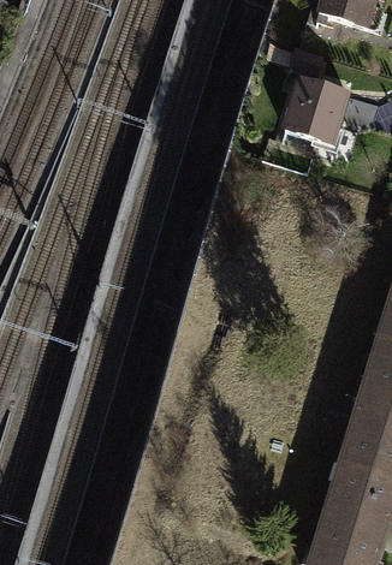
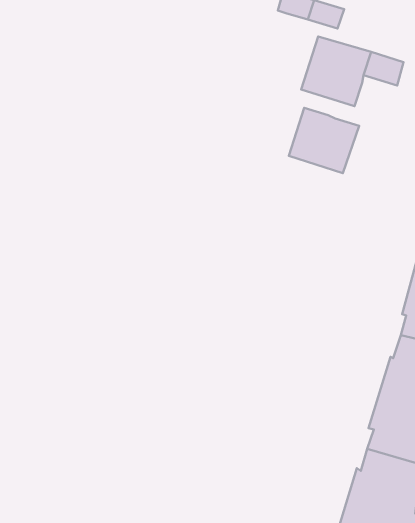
building: none -> [289,108,359,173]

